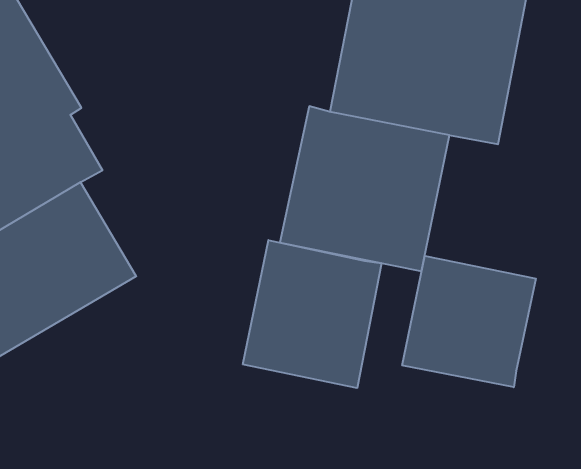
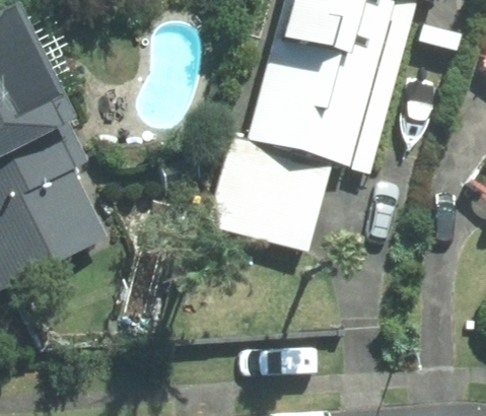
building: [243,240,382,388] -> none
building: [402,256,536,387] -> none

